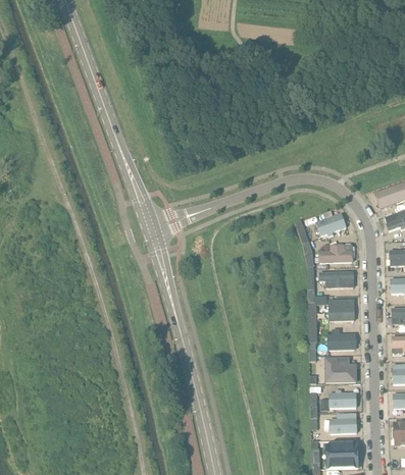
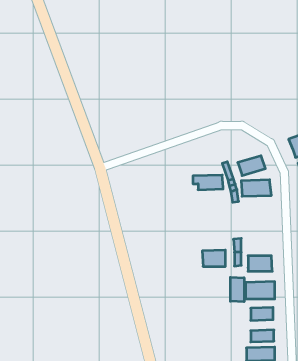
building: [319,270,355,287] -> [193,175,223,190]
building: [327,300,355,319] -> [202,250,225,266]
building: none -> [230,277,244,302]

